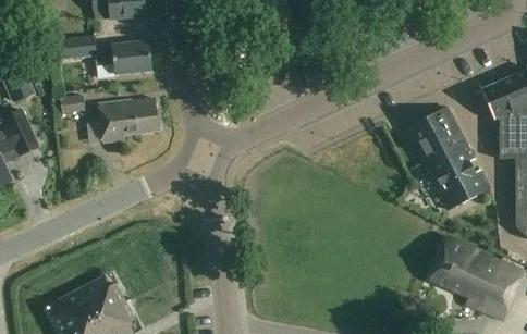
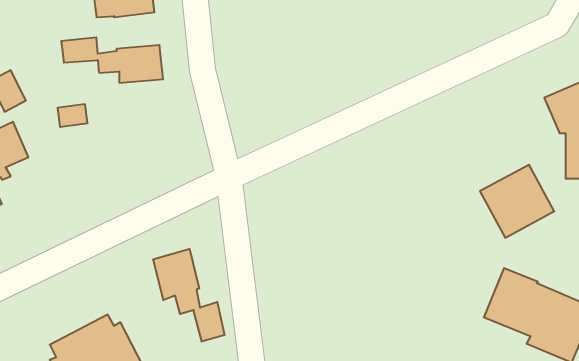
building: [98,99,158,143] -> none
building: [404,107,467,169] -> none
building: none -> [153,249,225,342]

